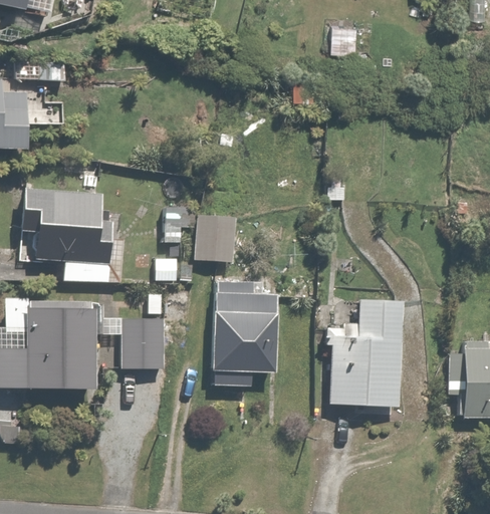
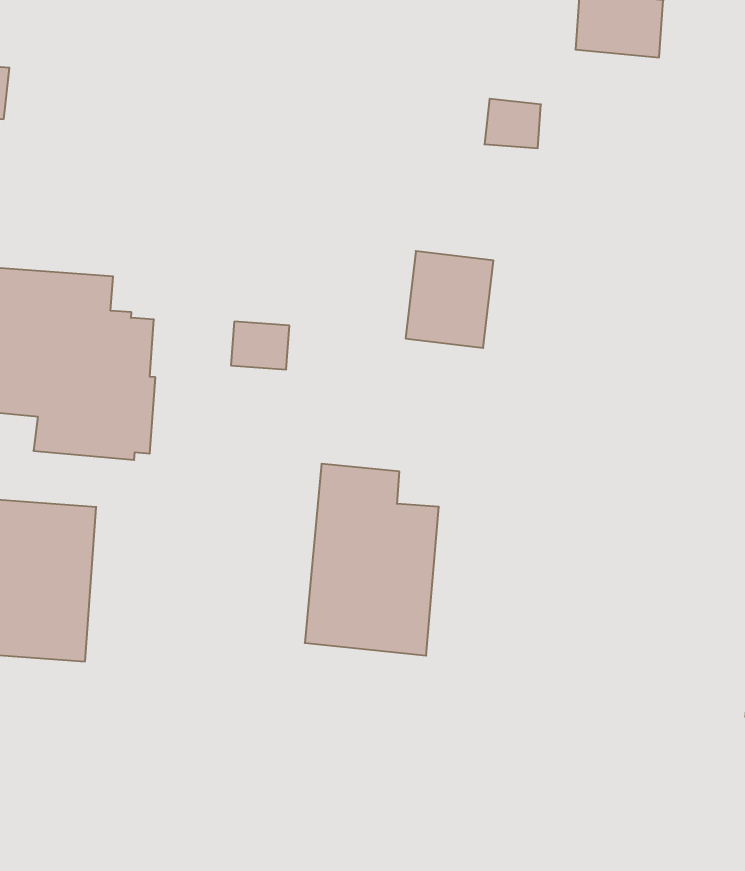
building: [195,215,238,263] -> [406,251,493,348]
building: [324,295,404,407] -> none
building: [124,315,165,366] -> none

